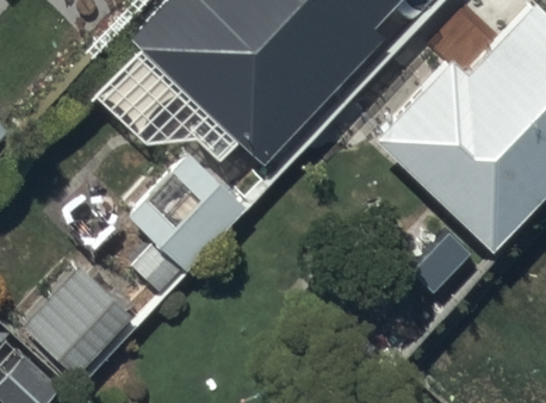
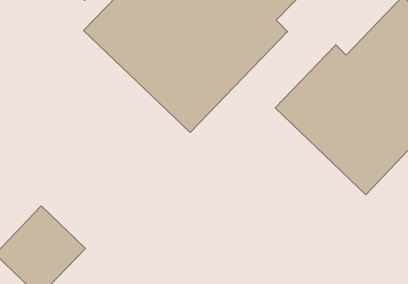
building: [128,142,249,287] -> none

